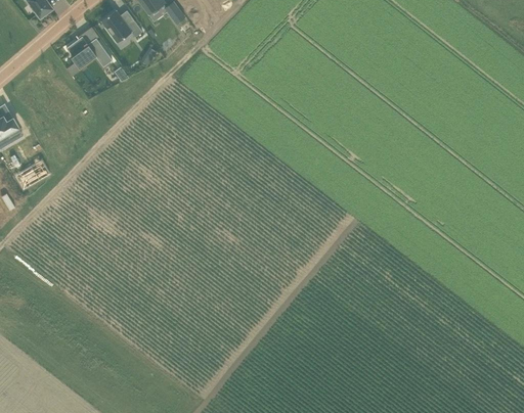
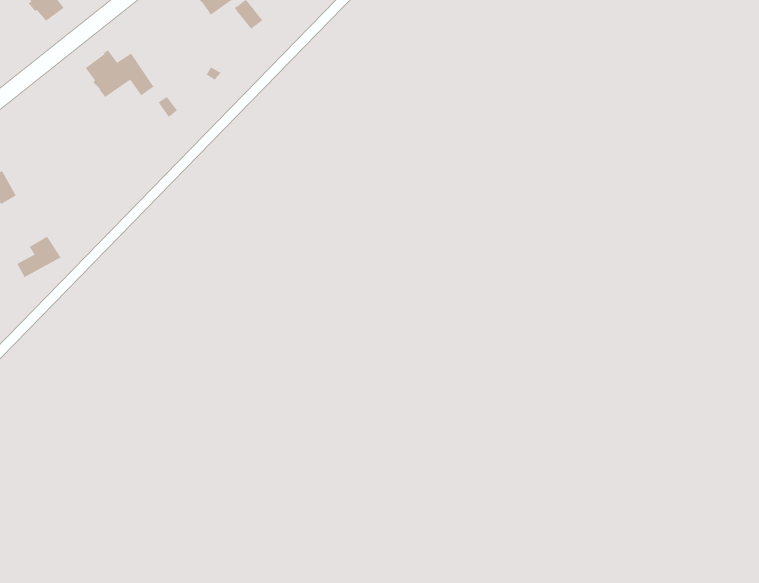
building: [100,7,141,40] -> none

